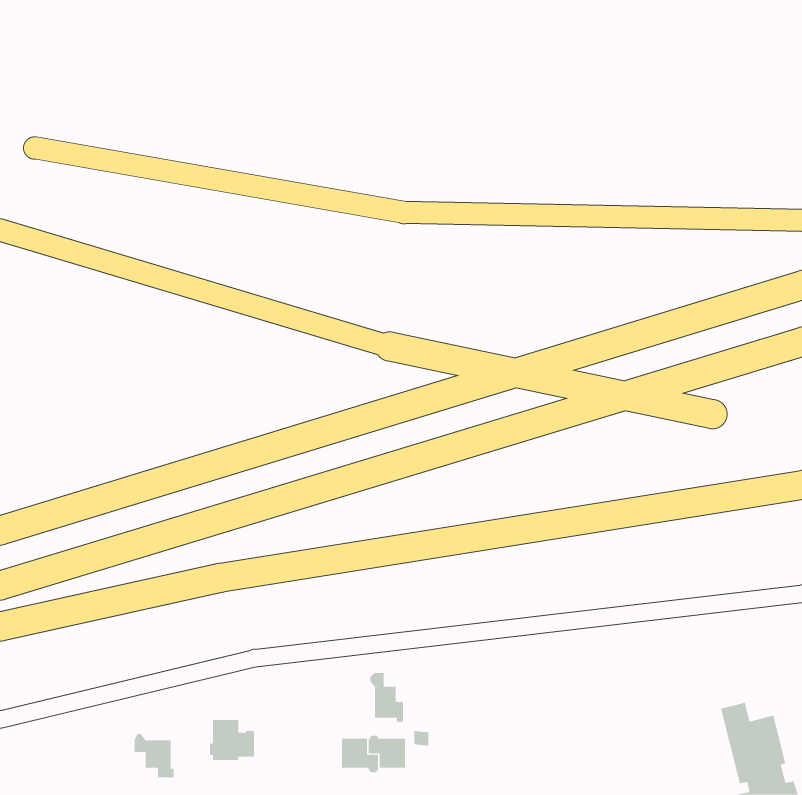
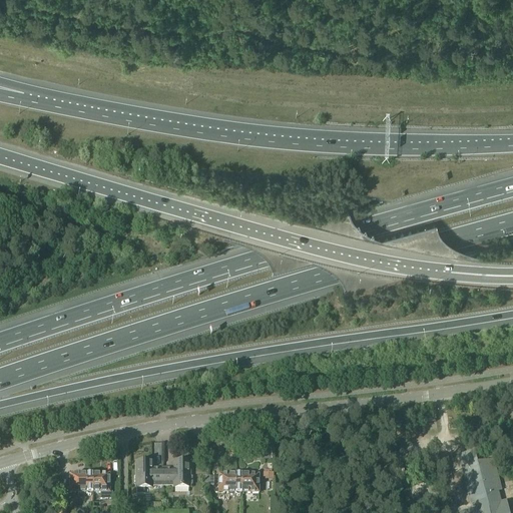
building: [370,672,403,722] -> none
building: none -> [163,457,192,484]
building: none -> [70,471,93,491]

